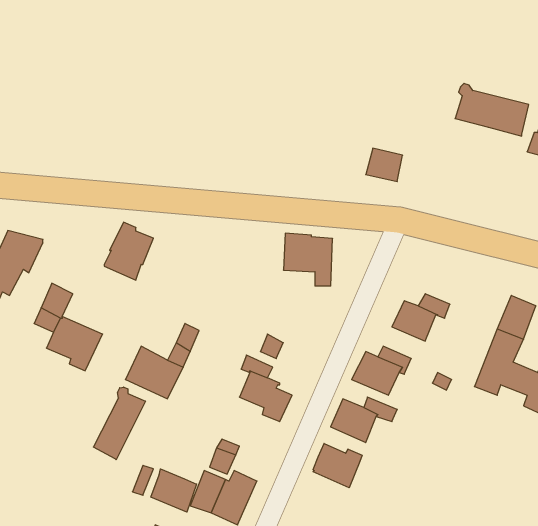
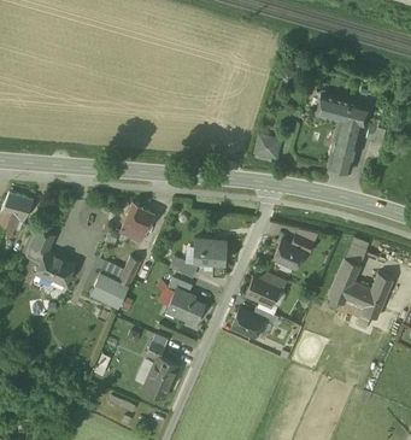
building: none -> [327,122,362,174]
building: [104,222,153,280] -> [119,203,153,242]
building: [283,233,333,286] -> [194,240,228,276]
building: [93,387,145,460] -> none
building: [313,443,362,488] -> none
building: [151,469,197,512] -> none

